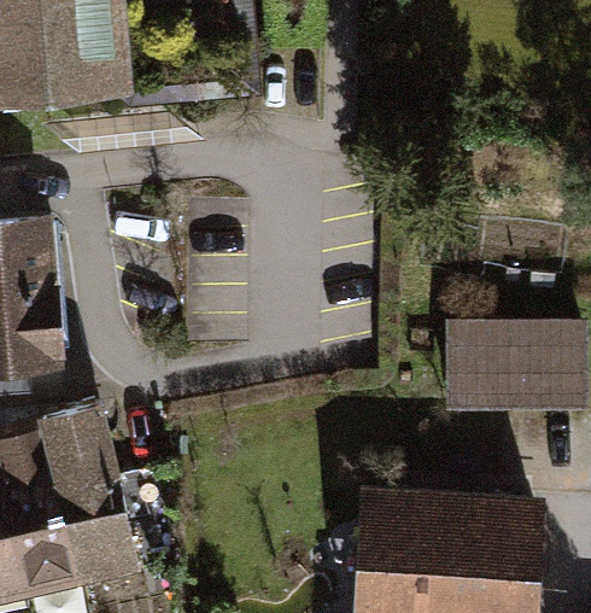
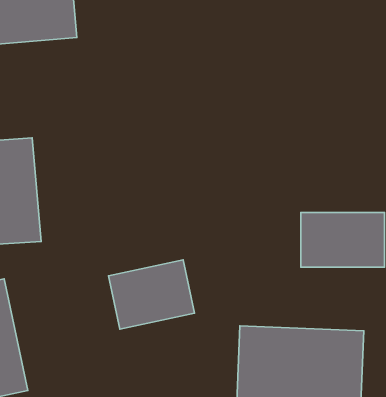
building: none -> [109,260,195,329]
building: [14,407,135,588] -> none

